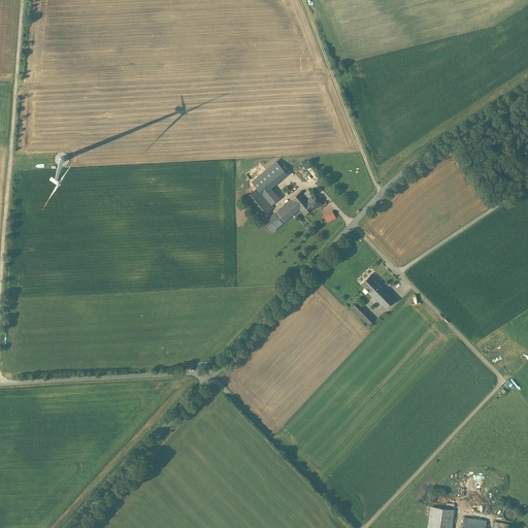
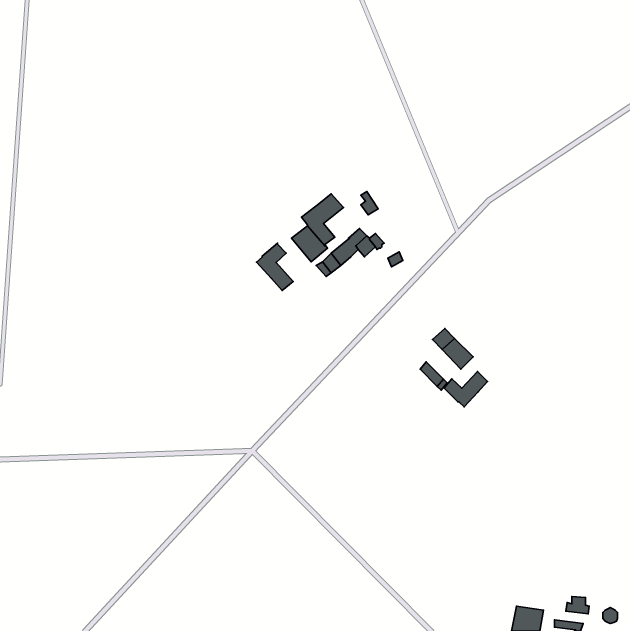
building: none -> [257,243,293,290]
building: none -> [443,371,487,407]

